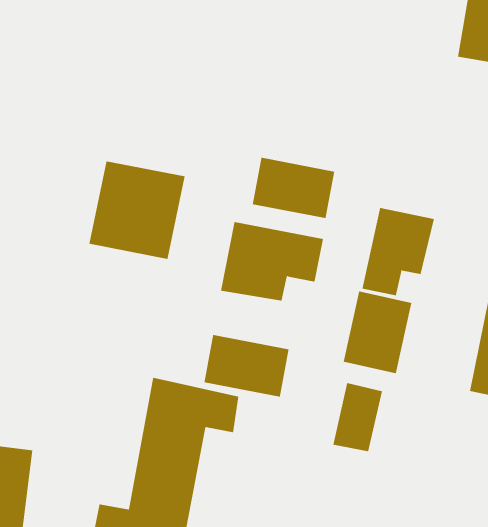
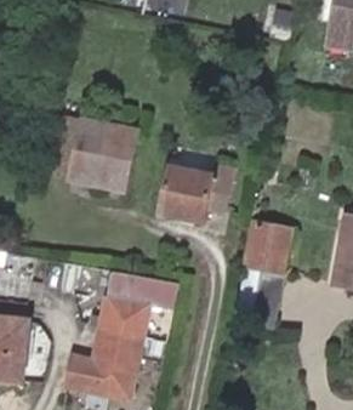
building: [252,157,335,219] -> none
building: [362,207,435,296] -> none
building: [204,334,289,397] -> none

